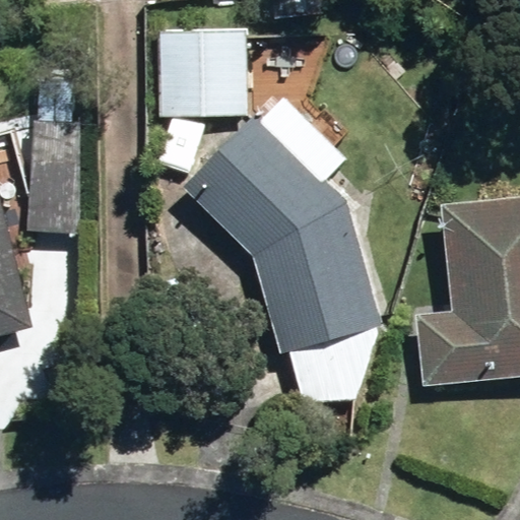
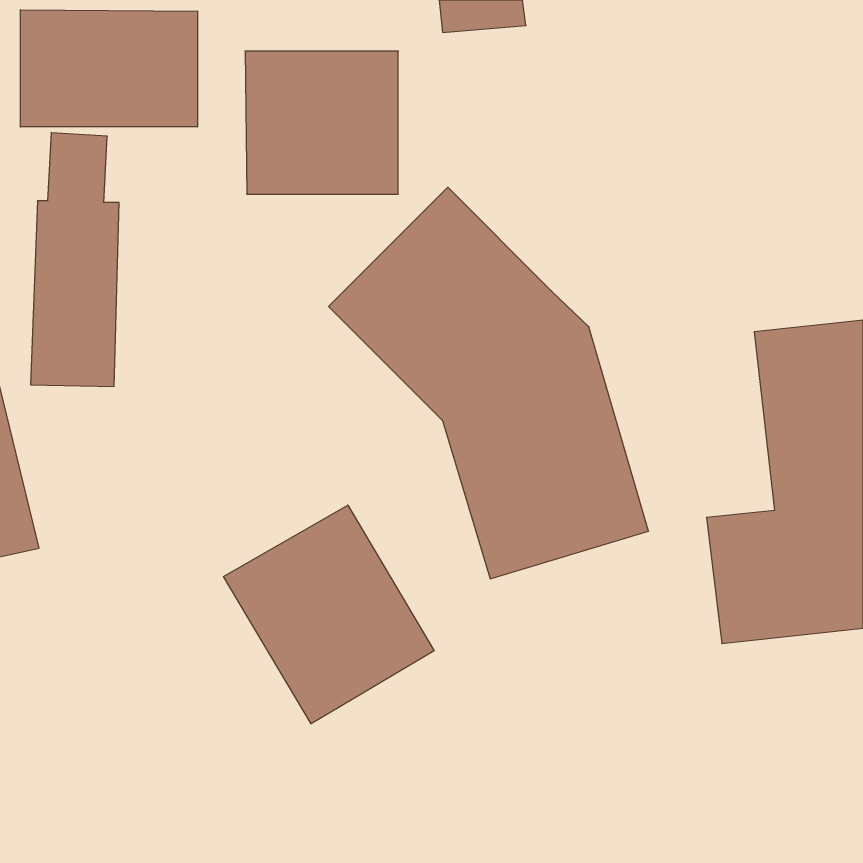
building: none -> [20,10,197,127]
building: none -> [224,505,434,724]

